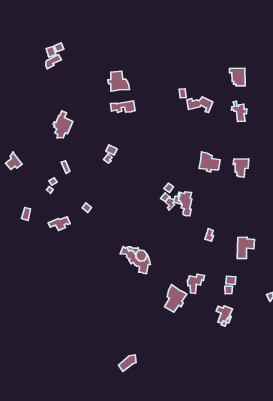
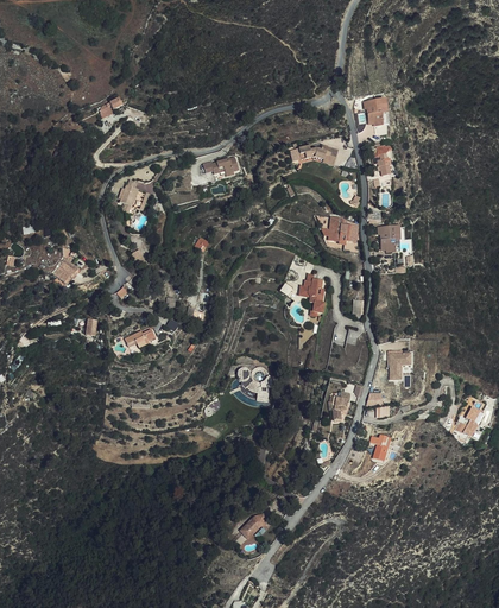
building: [108,71,130,91] -> none
building: [165,284,187,312] -> none

